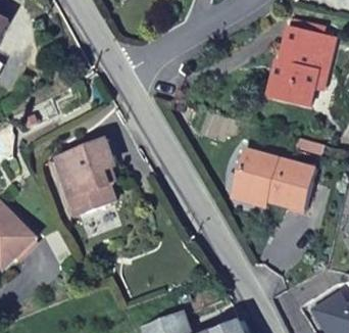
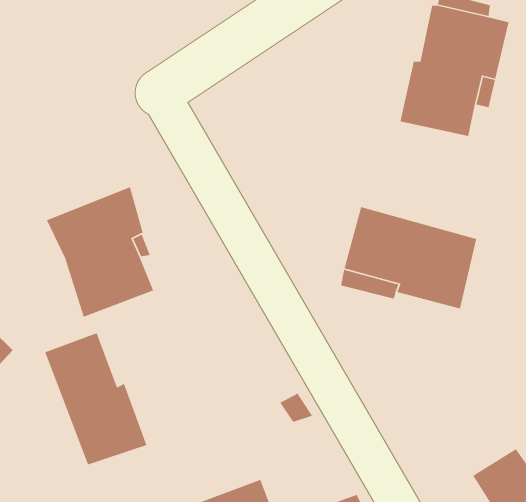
building: none -> [44,332,148,466]

